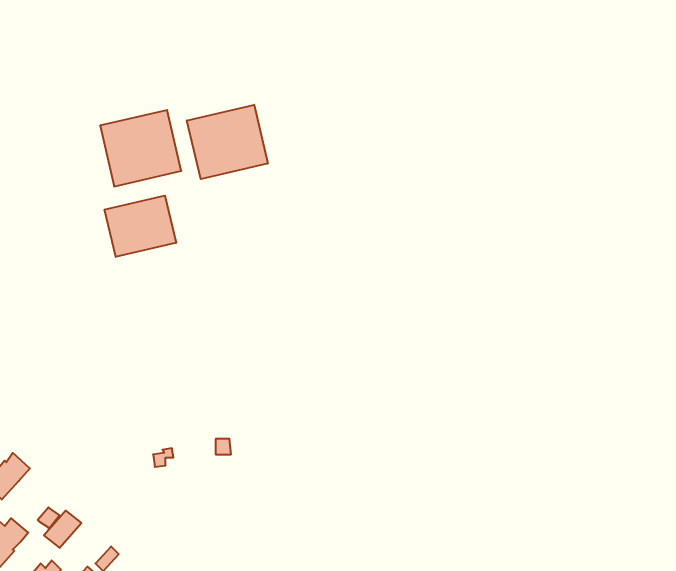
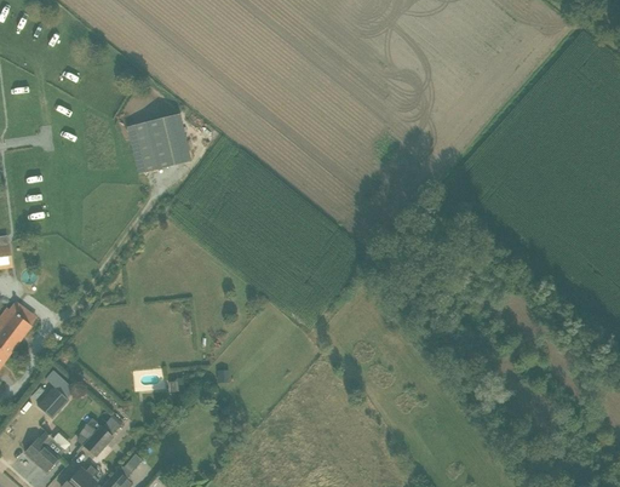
building: [187,105,268,179] -> none
building: [105,196,176,257] -> none

